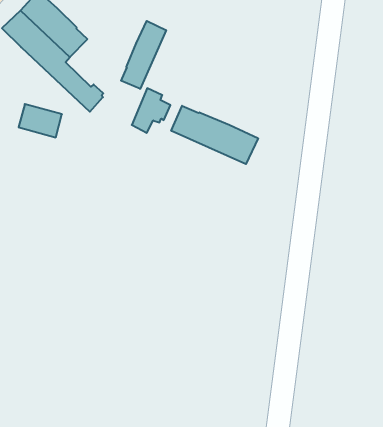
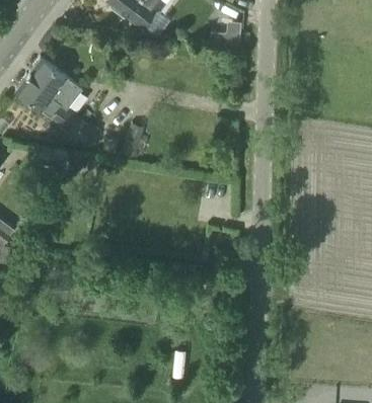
building: [121,21,166,89] -> none
building: [171,106,258,164] -> none

